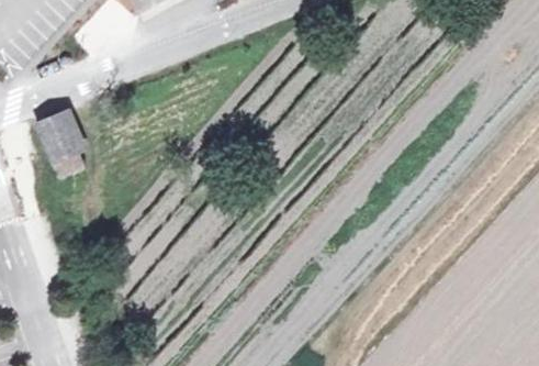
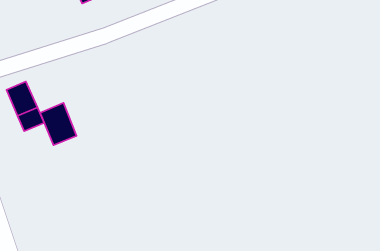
building: none -> [40,103,76,145]

